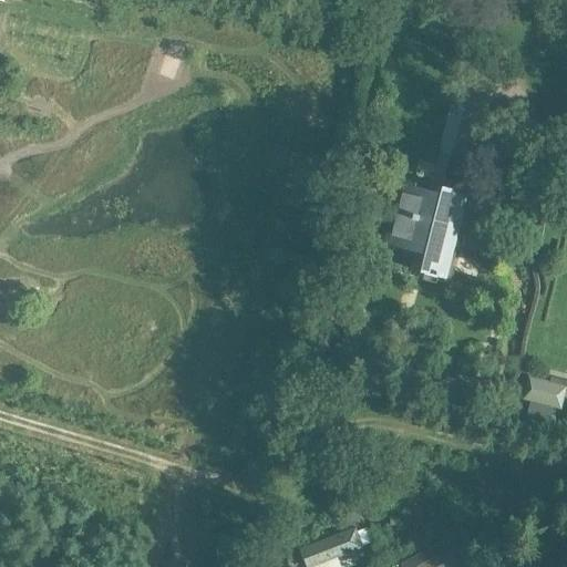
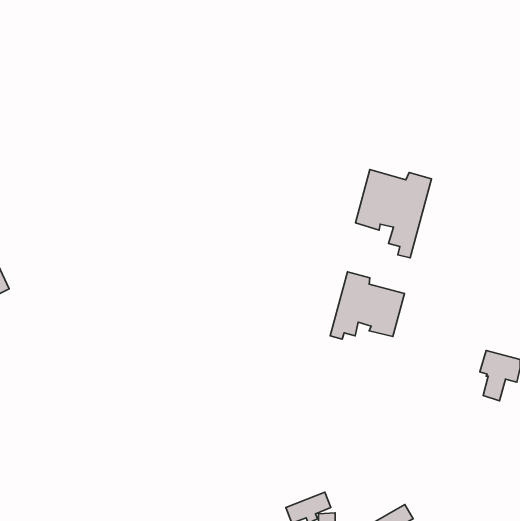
building: none -> [330,272,405,339]

